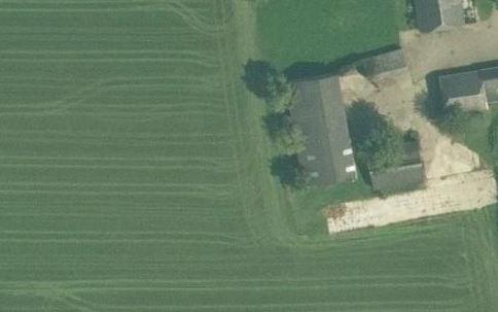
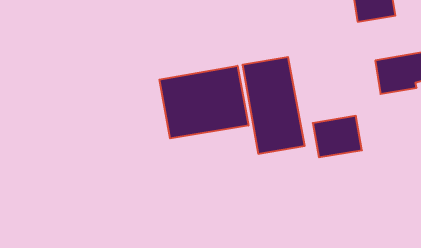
building: [364,48,410,80] -> none
building: none -> [159,66,248,138]

